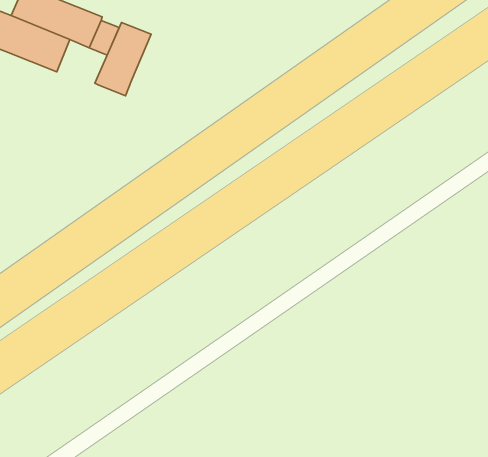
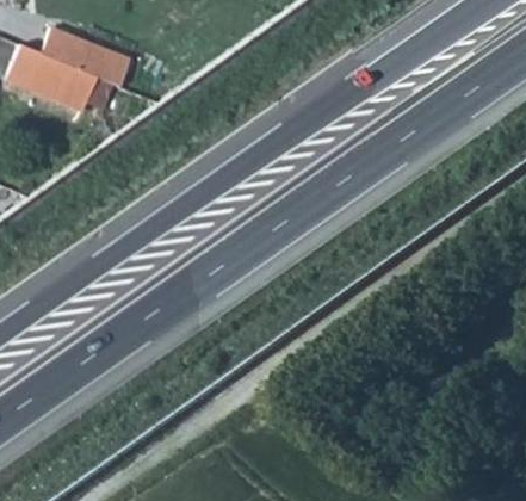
building: [95,22,151,96] -> none

